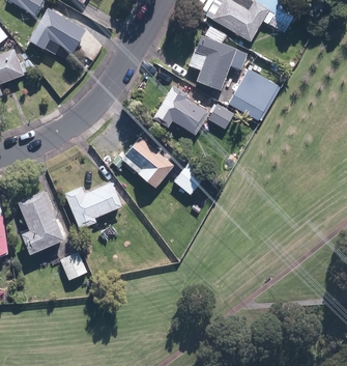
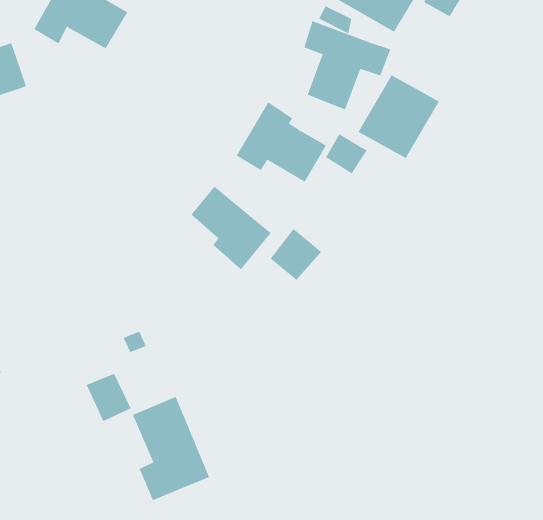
building: [64,182,122,229] -> none
building: [17,191,64,255] -> [132,396,210,501]

